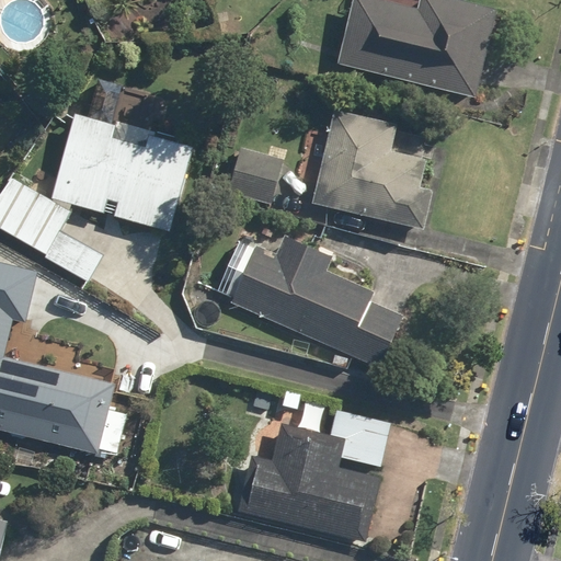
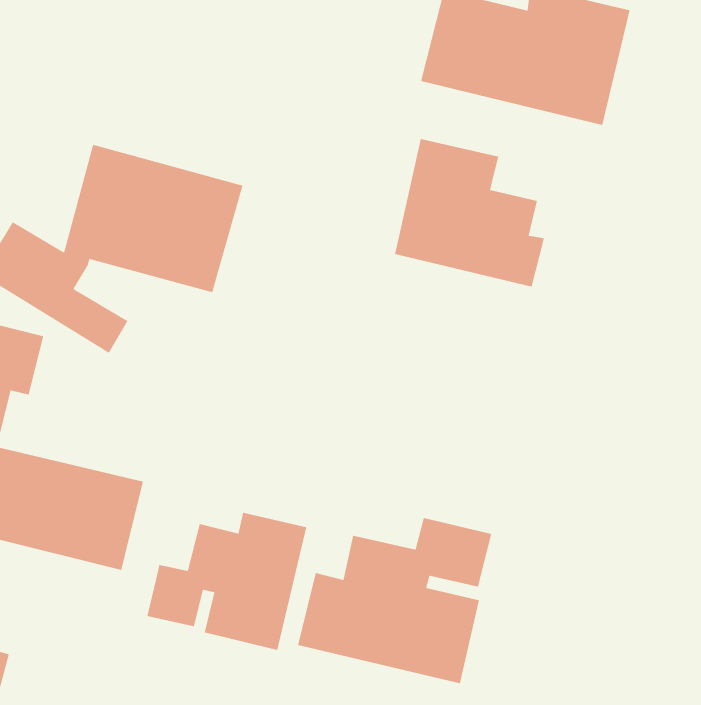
building: [226,147,282,205] -> none
building: [229,236,402,366] -> none
building: none -> [147,512,307,651]

